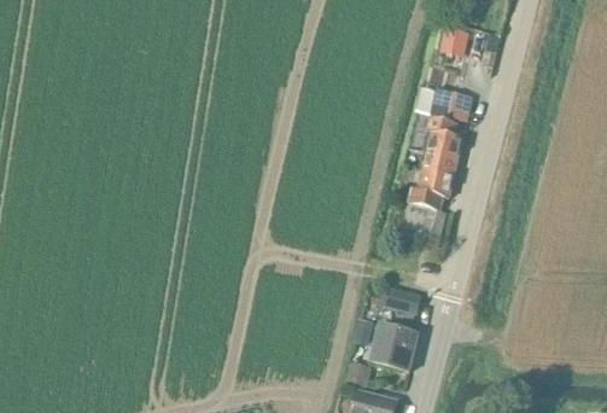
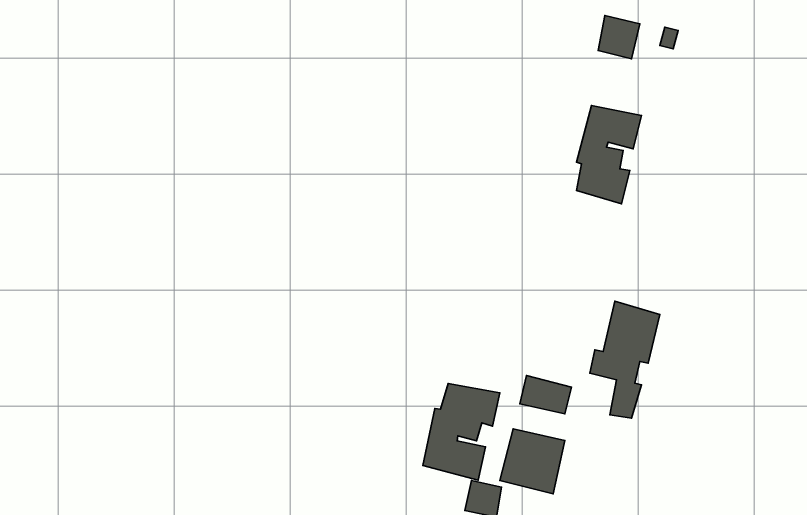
building: [407,151,457,235] -> [590,301,660,418]
building: none -> [423,383,500,480]

